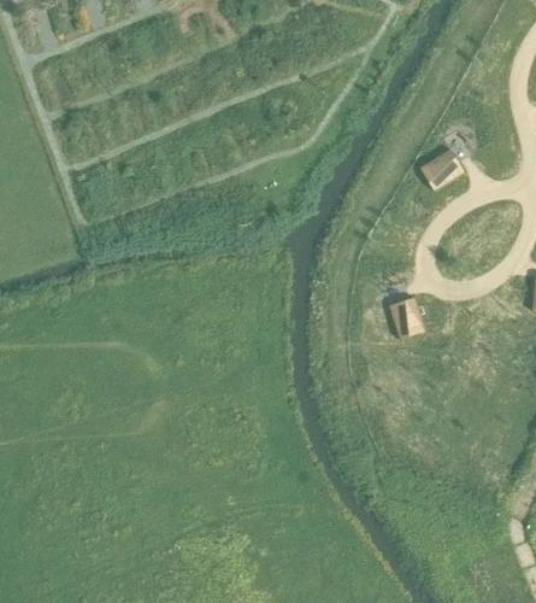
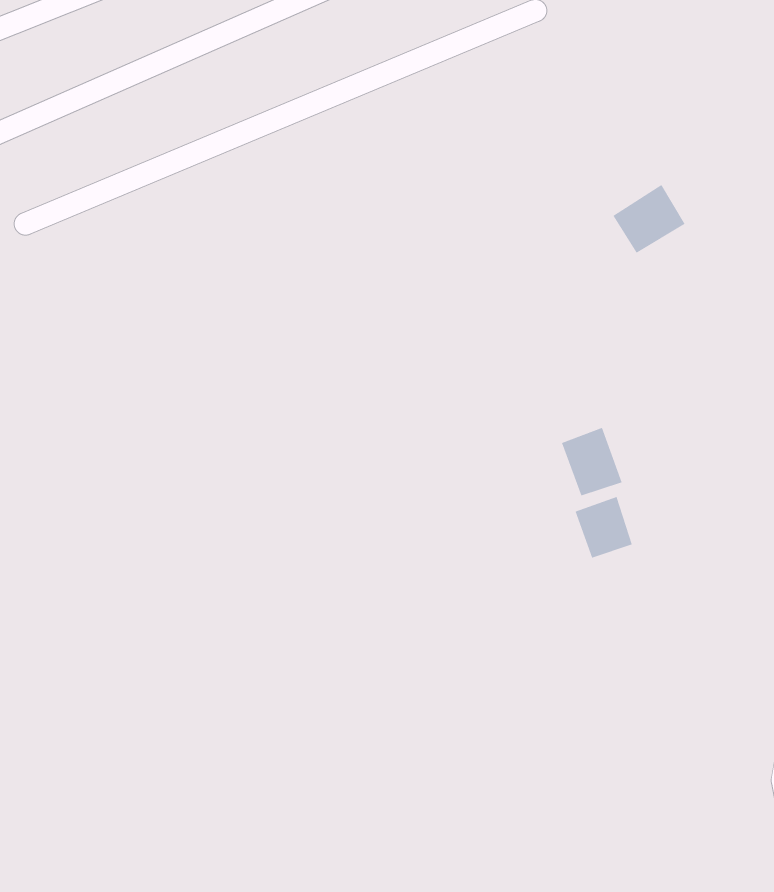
building: none -> [575,496,633,559]

